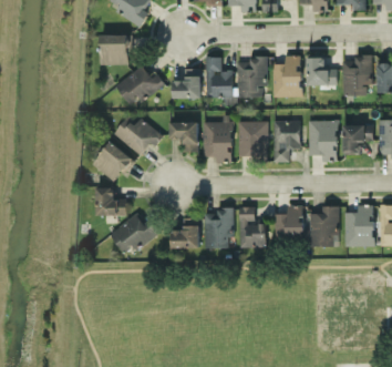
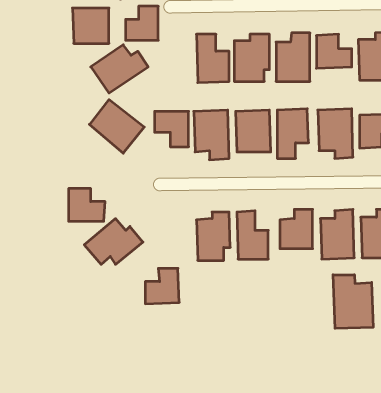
building: [173,69,200,98] -> [126,6,158,40]
building: [93,141,134,182] -> none
building: [172,218,200,248] -> [145,268,179,304]
building: none -> [333,275,373,328]

